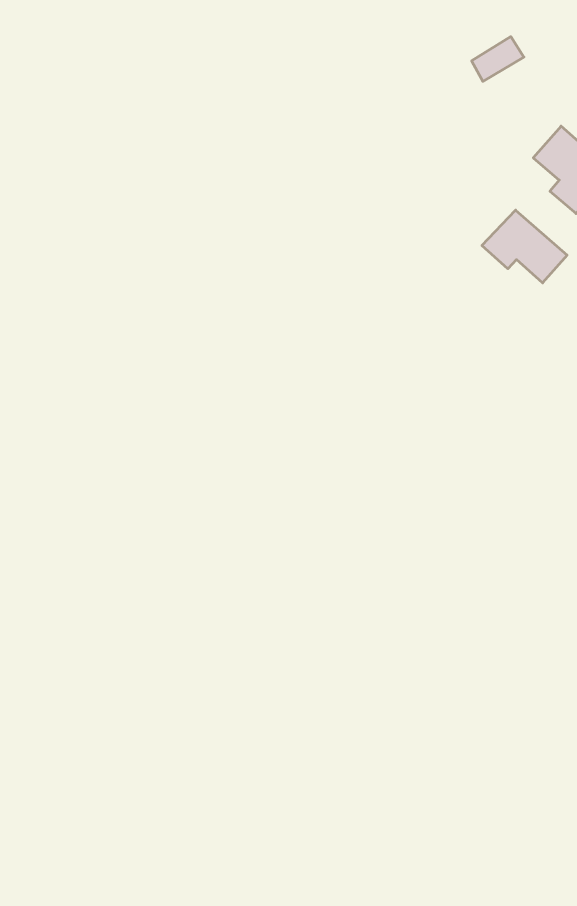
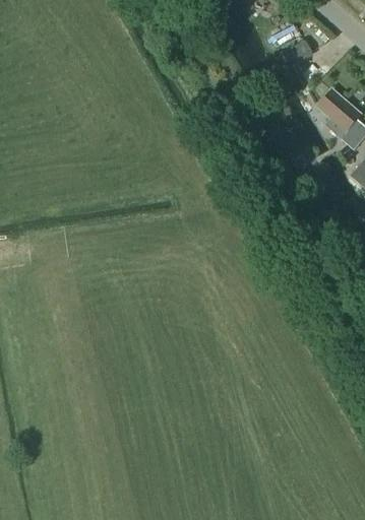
building: [482,210,567,283] -> none

